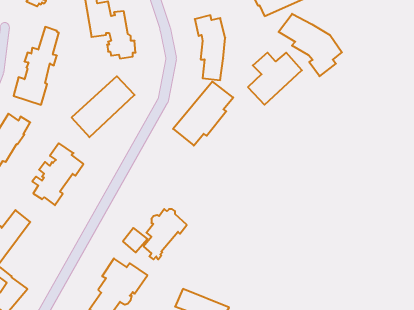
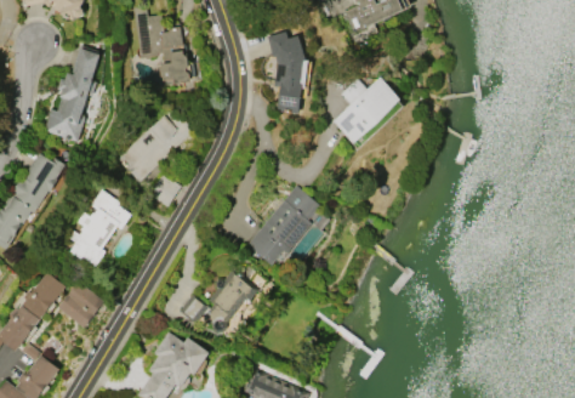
building: [279,14,342,76] -> none
building: [173,82,233,146] -> [246,186,320,265]
building: none -> [58,282,106,328]

